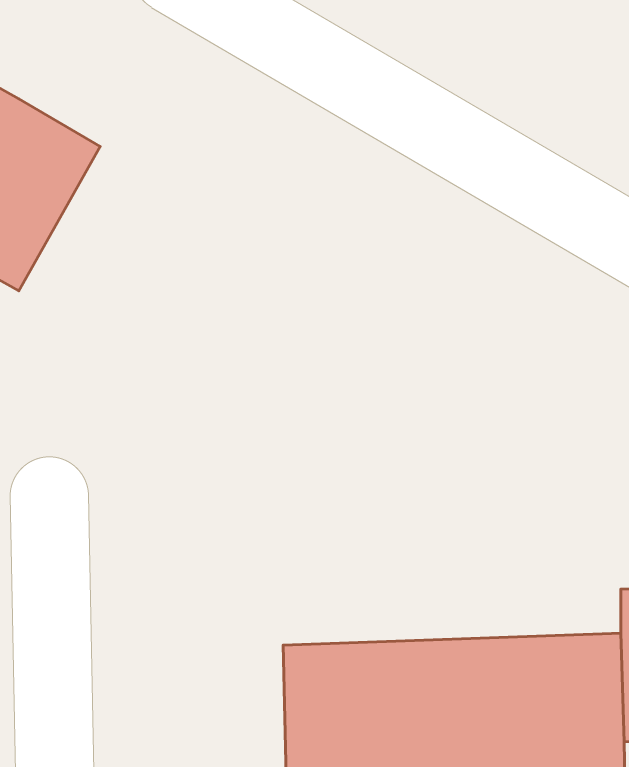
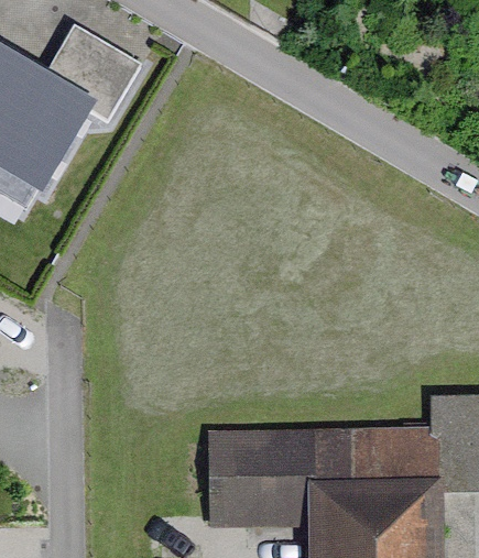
building: none -> [39,29,138,120]

